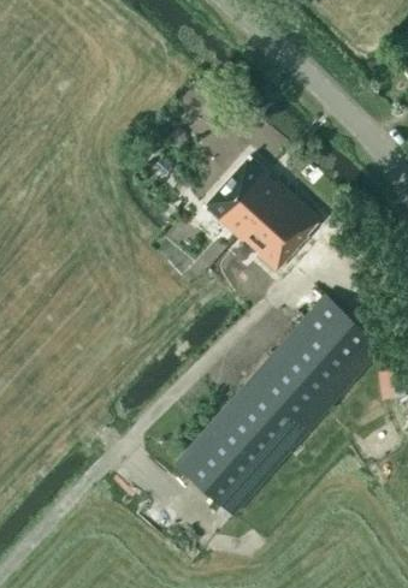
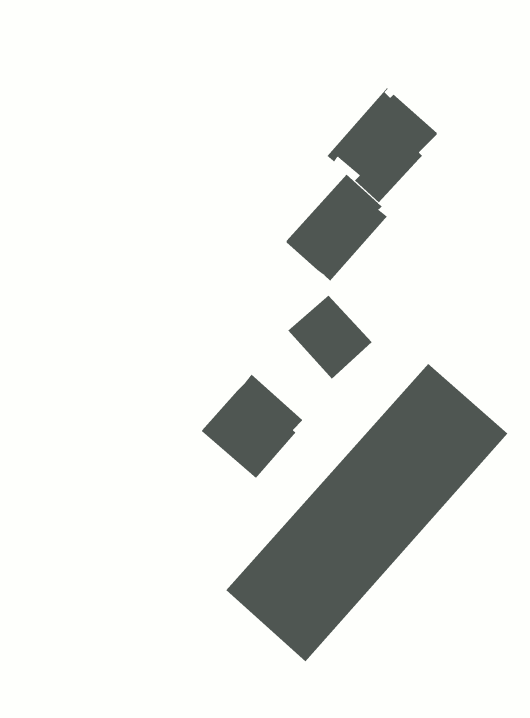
building: [247,185,329,271] -> [326,87,438,203]
building: none -> [201,374,306,479]

